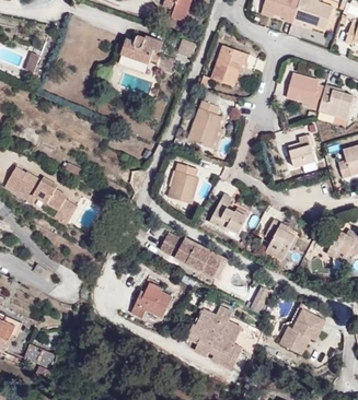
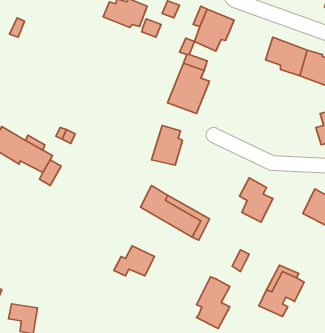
building: [286,133,316,168] -> none
building: [206,197,250,230] -> none
building: [188,303,239,354] -> none

